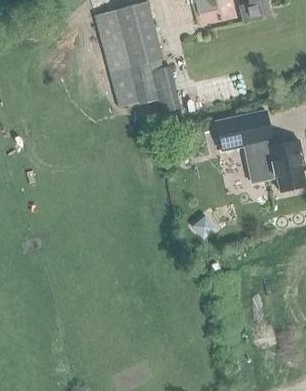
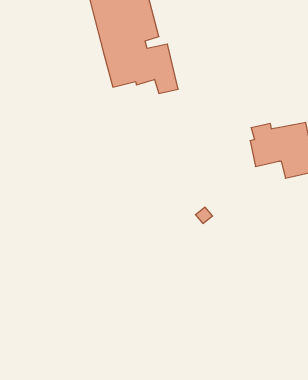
building: [215,110,272,150] -> none

